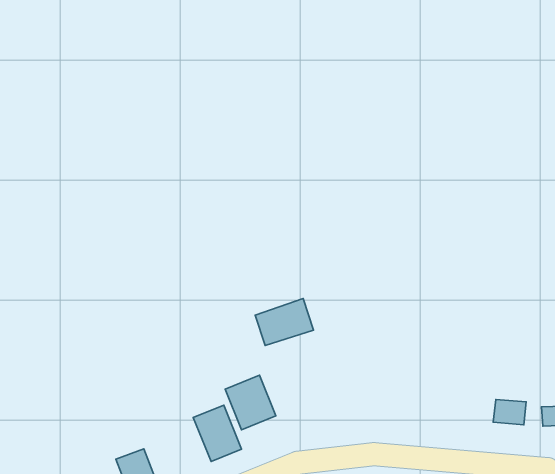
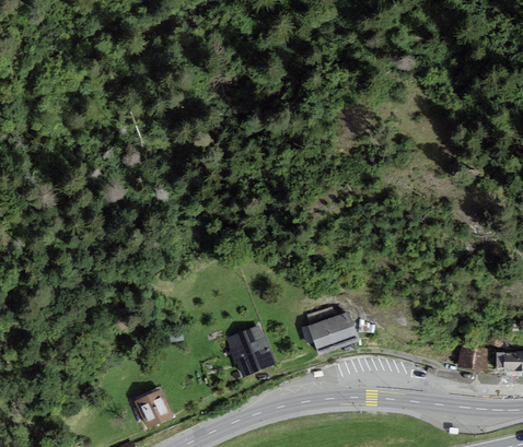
building: [255,299,313,346] -> [305,311,356,352]
building: [193,405,242,462] -> none

